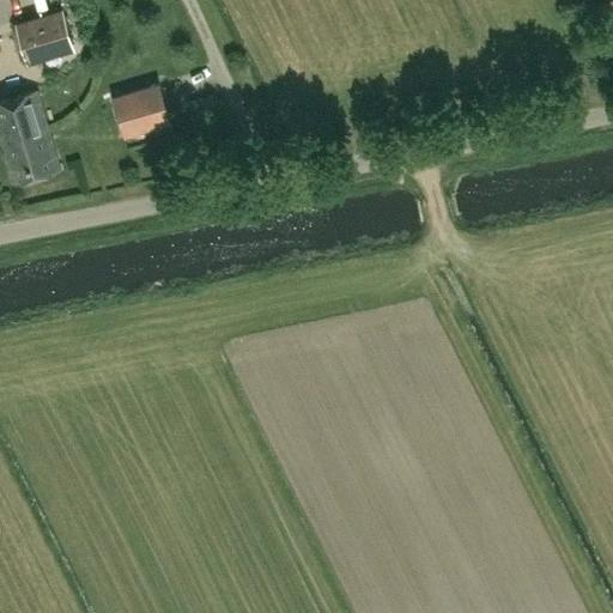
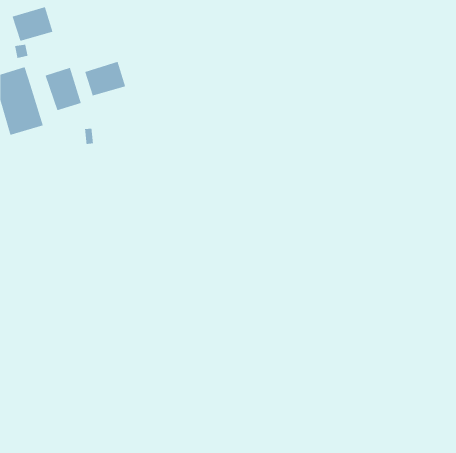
building: none -> [44,67,82,111]

